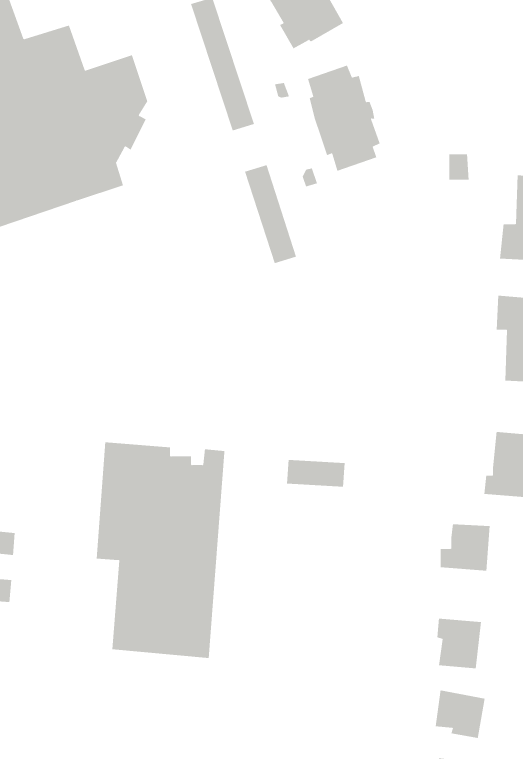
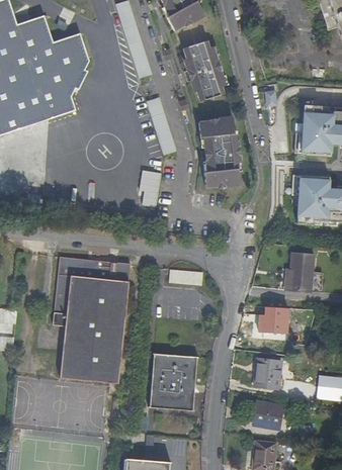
building: none -> [197,116,240,188]
building: none -> [141,172,160,207]
building: none -> [150,354,198,410]

